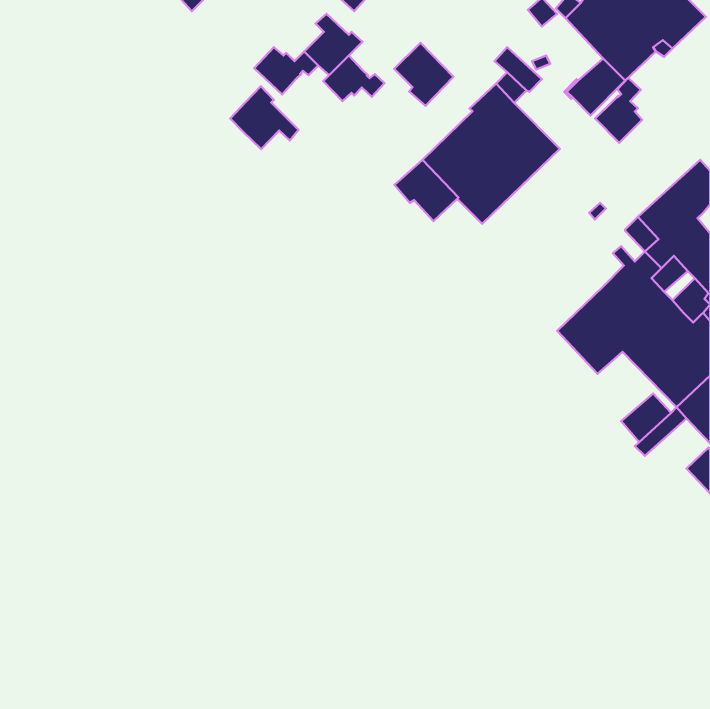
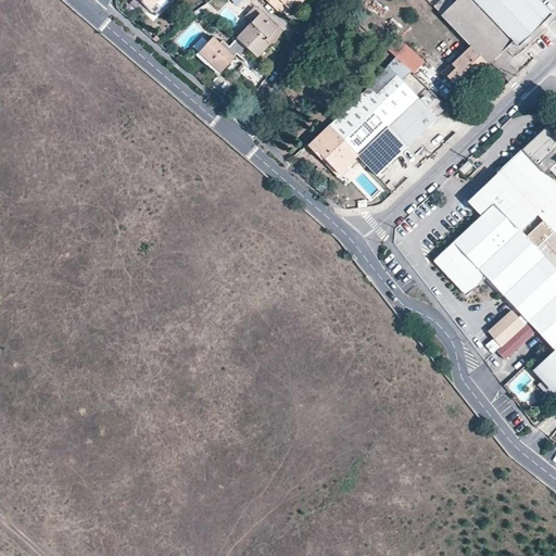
building: [394,43,454,106] -> none
building: [323,56,384,101] -> none
building: [595,78,642,143] -> none
building: [230,86,299,149] -> none
building: none -> [458,180,504,224]

